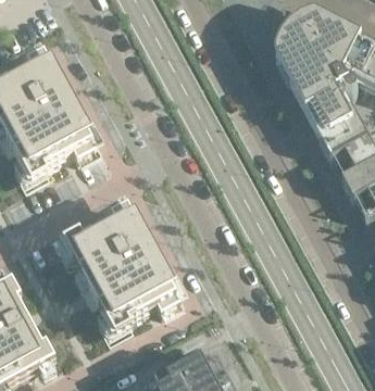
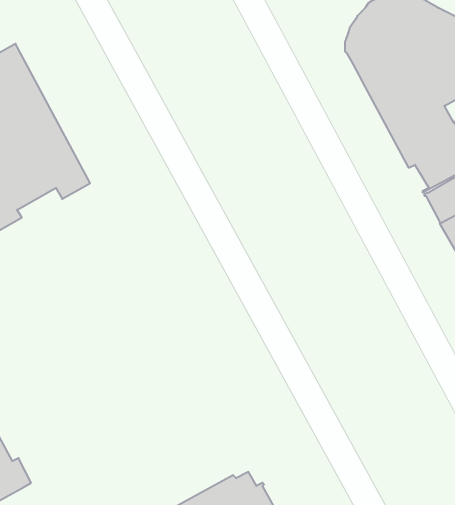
building: [63,201,180,332] -> none

